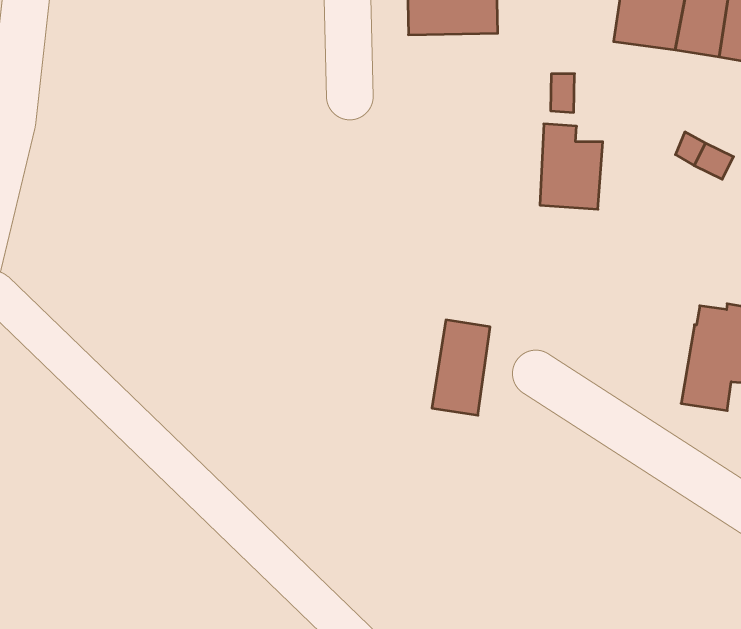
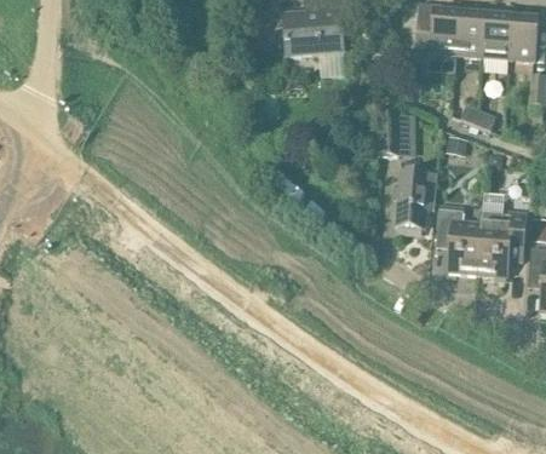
building: none -> [436,207,481,272]
building: [432,320,490,415] -> [395,169,427,228]

